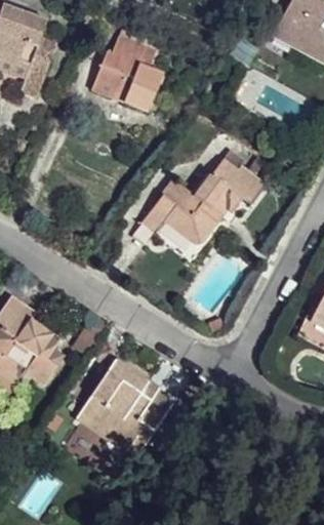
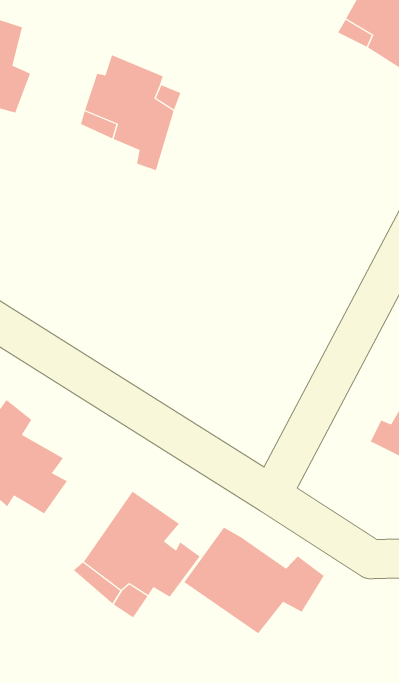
building: [144,158,268,241] -> none
building: none -> [183,527,325,634]

